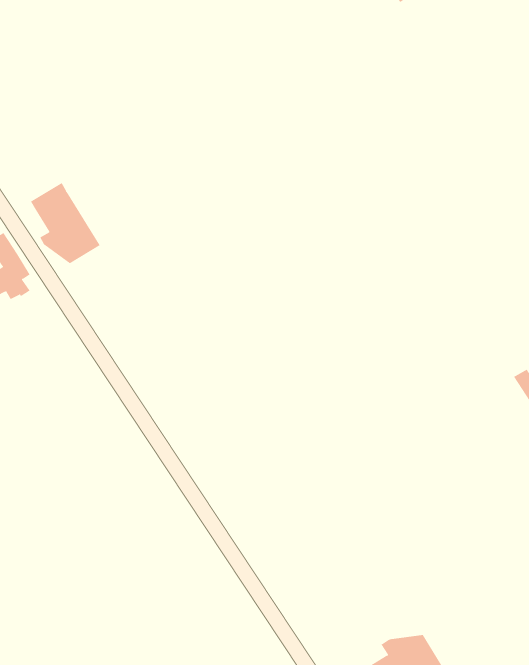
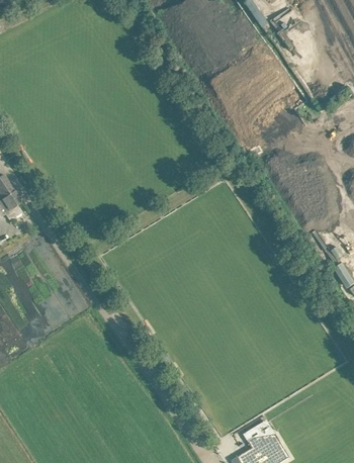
building: [30,182,101,264] -> none

